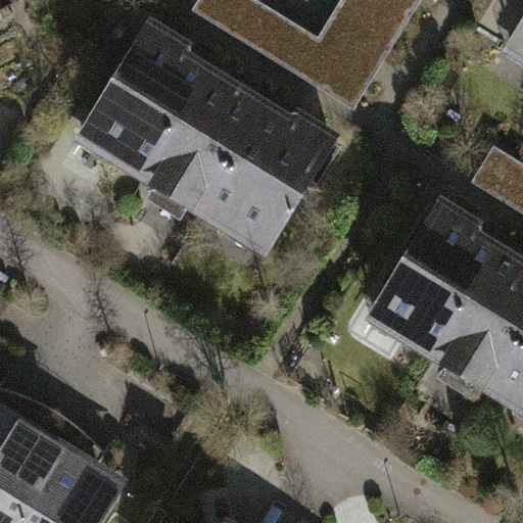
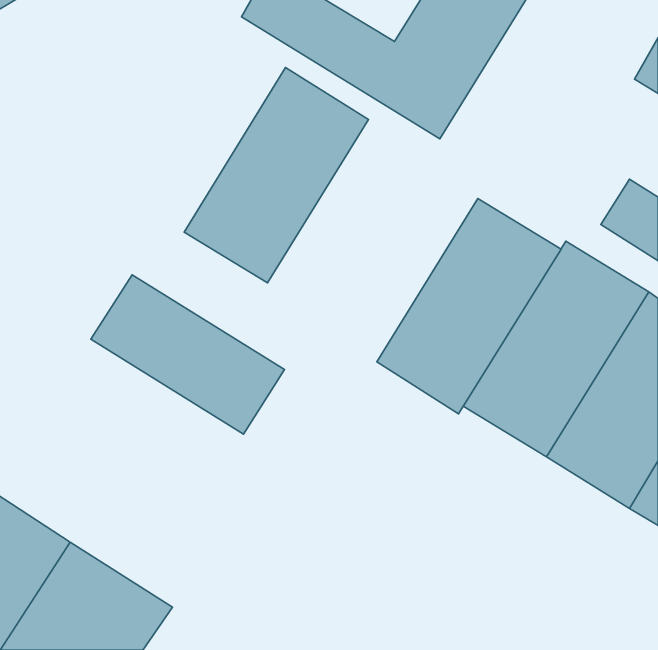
building: [79,13,225,183] -> none
building: [210,94,355,264] -> [377,198,561,414]
building: none -> [91,275,285,434]

